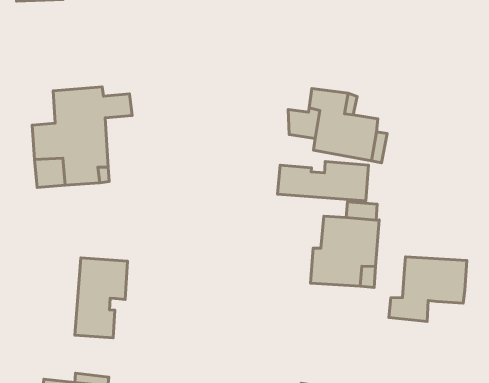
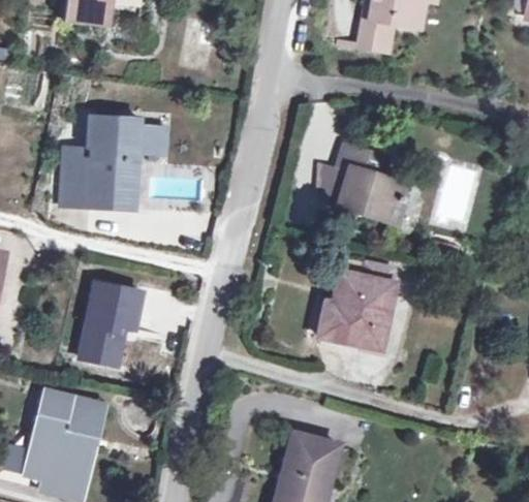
building: [277,162,369,201] -> none
building: [389,257,467,322] -> none

